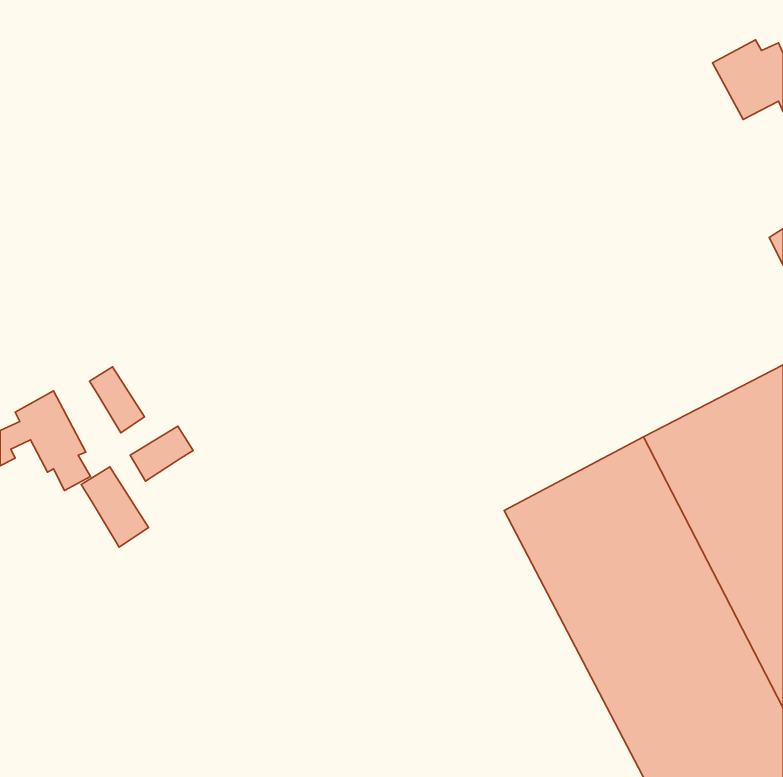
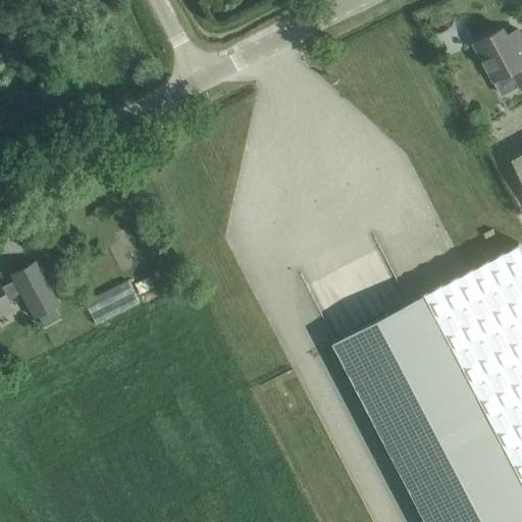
building: [90,367,144,433] -> none
building: [81,467,149,547] -> none

